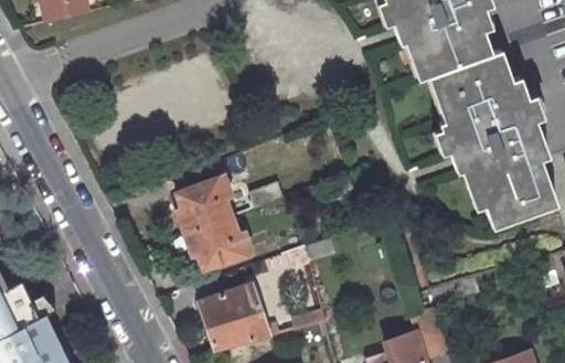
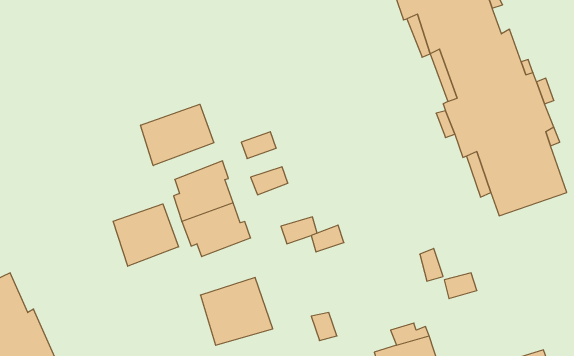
building: none -> [141,104,214,166]
building: none -> [113,204,179,266]

